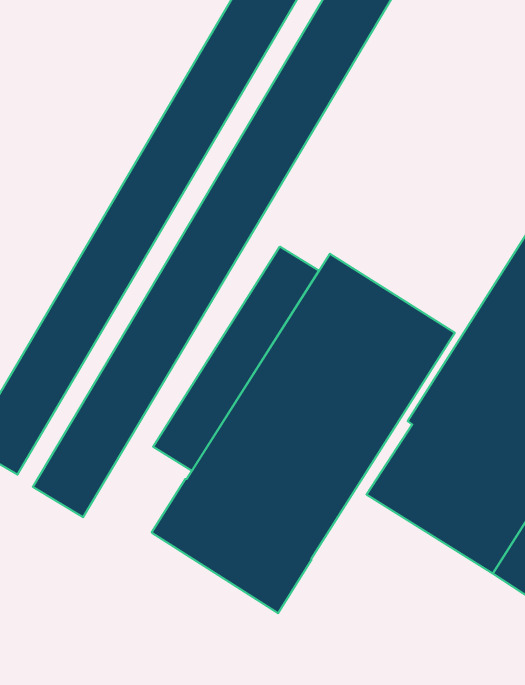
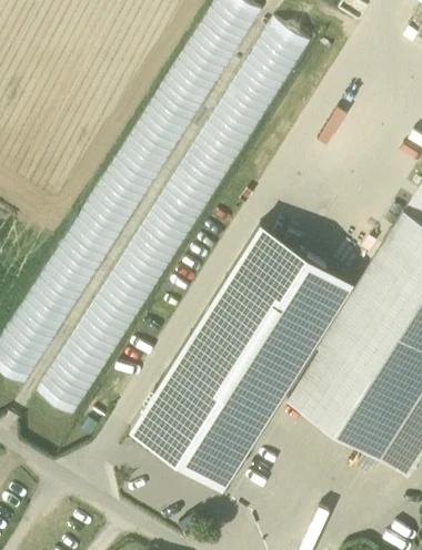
building: [153,247,319,471] -> none

